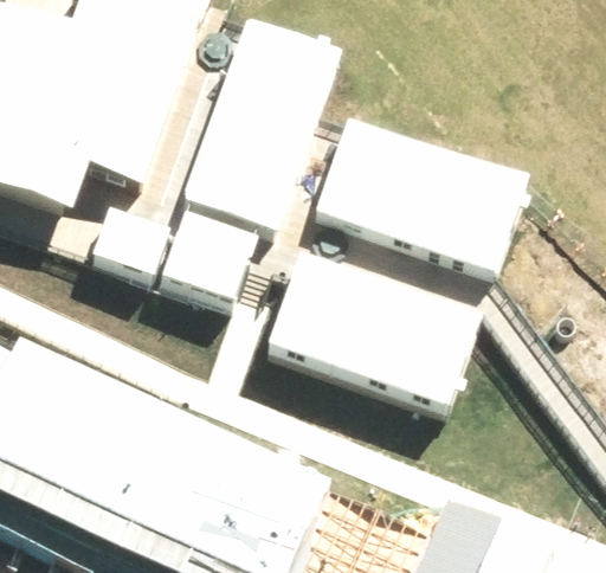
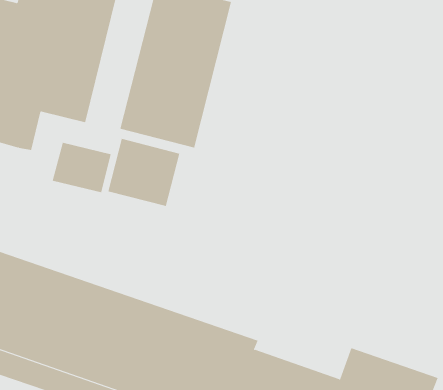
building: [314,122,528,277] -> none
building: [267,252,481,411] -> none

